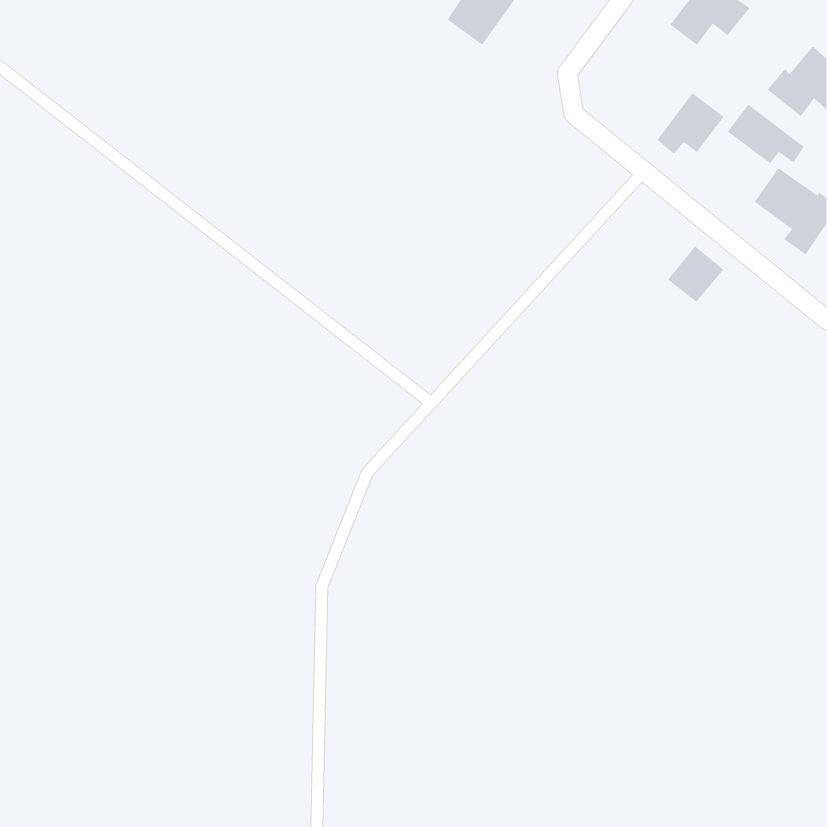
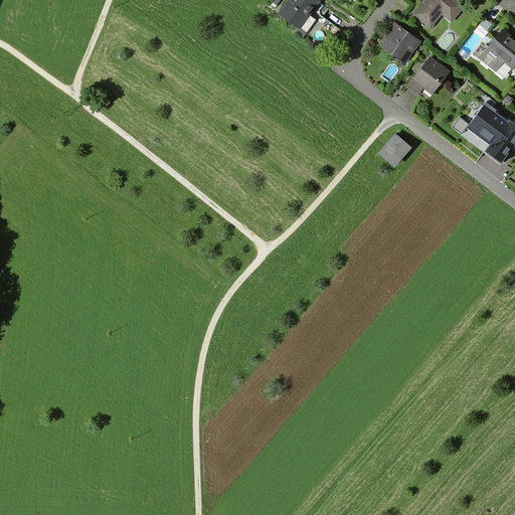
building: none -> [378,22,421,63]
building: [727,104,805,164] -> none
building: [667,246,724,302] -> [378,132,413,167]

